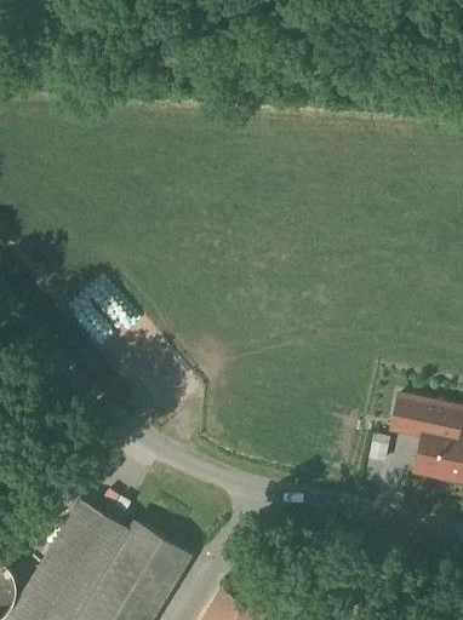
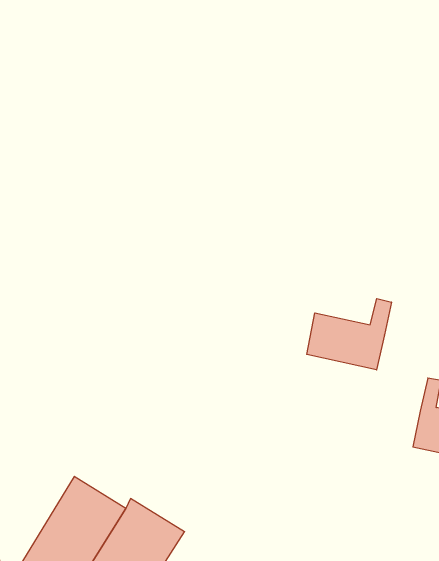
building: none -> [307,299,391,370]
building: [393,397,430,436] -> none

